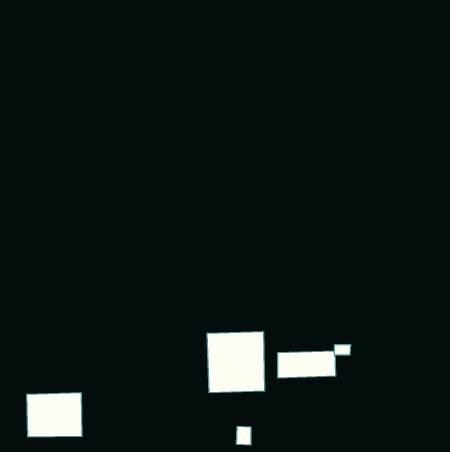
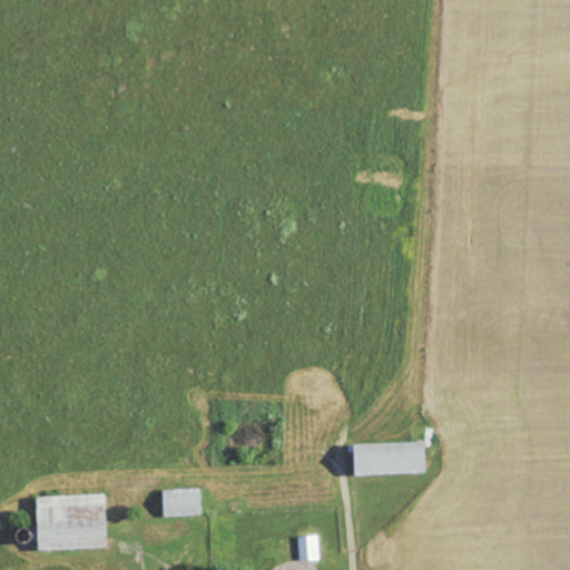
building: [207,331,264,393] -> none
building: none -> [163,489,203,517]

